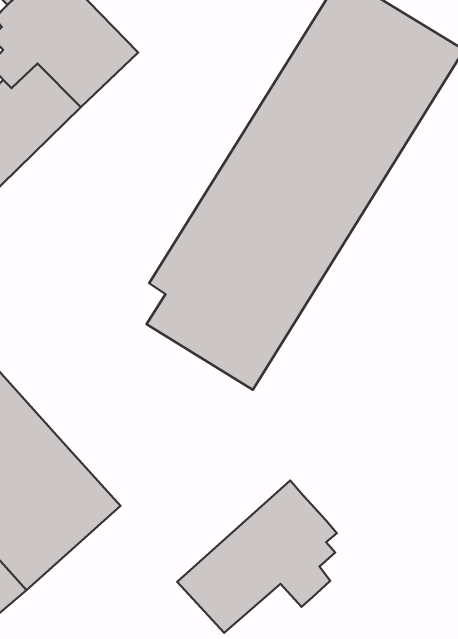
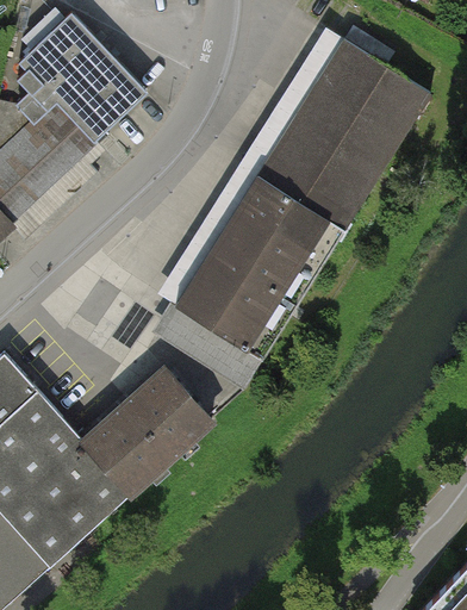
building: none -> [85,367,212,491]
building: [177,480,337,633] -> none

